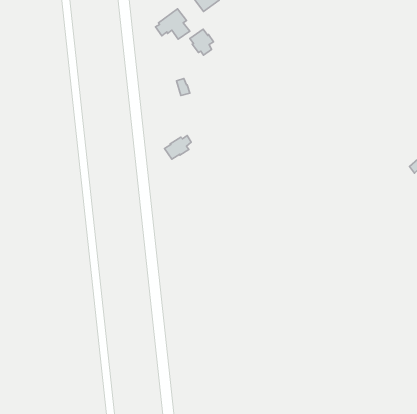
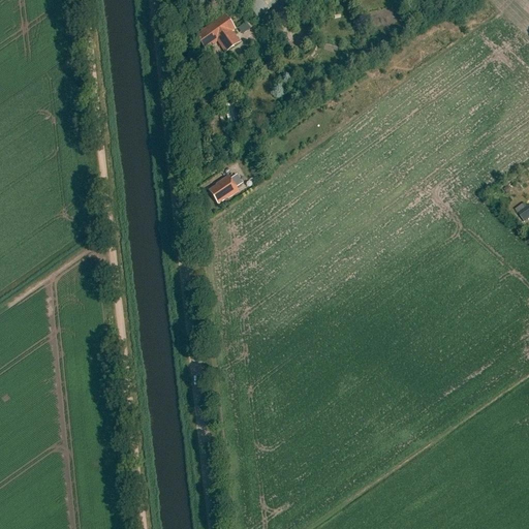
building: [190,29,214,55] -> none

